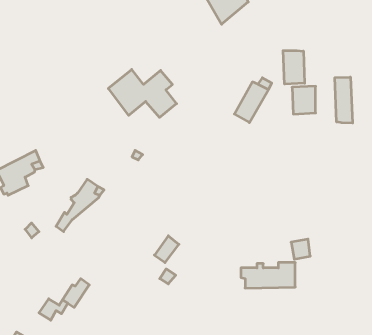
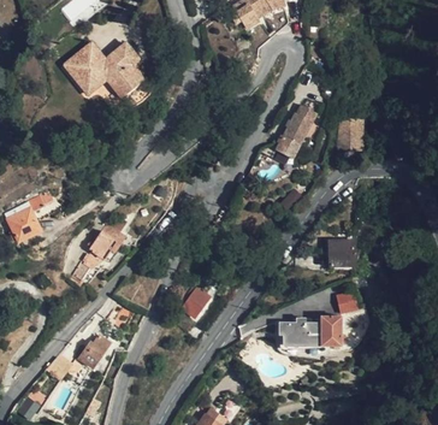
building: [283,51,305,84] -> none
building: [108,69,177,117] -> [64,42,141,96]
building: [335,77,353,123] -> none
building: none -> [330,241,355,265]

